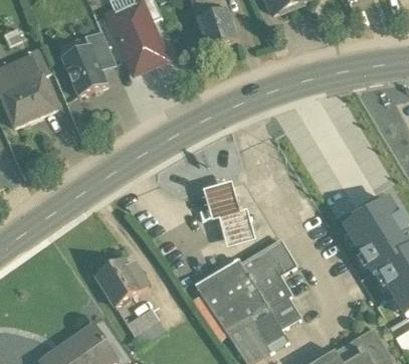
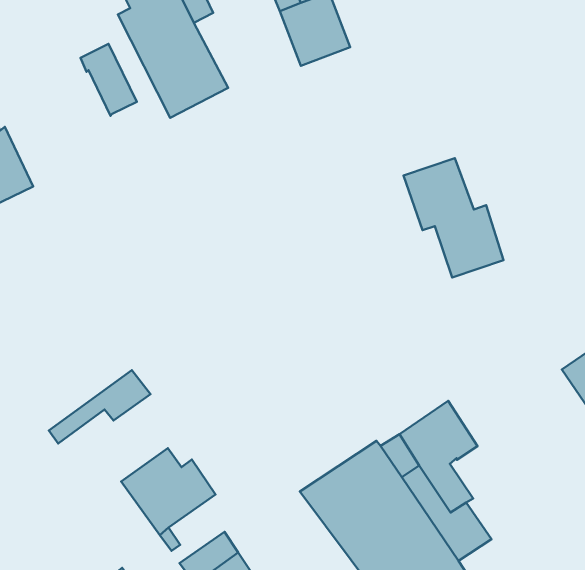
building: [61,44,108,96] -> none
building: [202,181,255,247] -> [403,158,503,277]
building: none -> [49,370,150,443]

